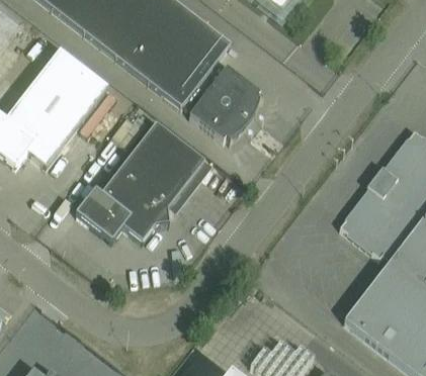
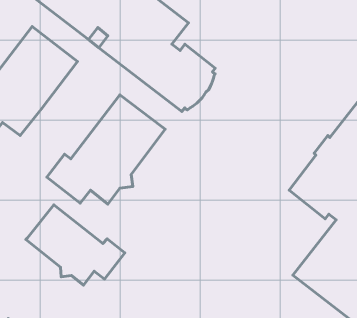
building: none -> [26,205,125,285]

